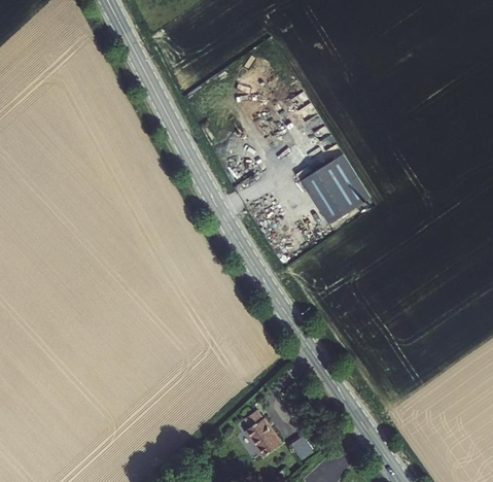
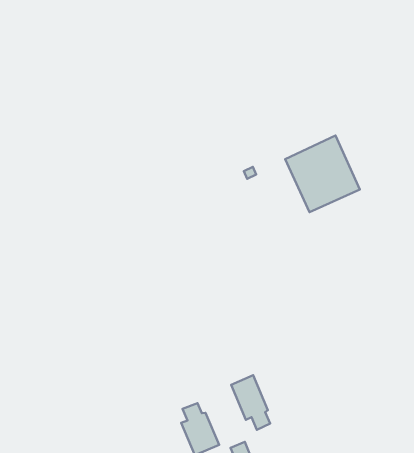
building: none -> [231,375,270,430]

